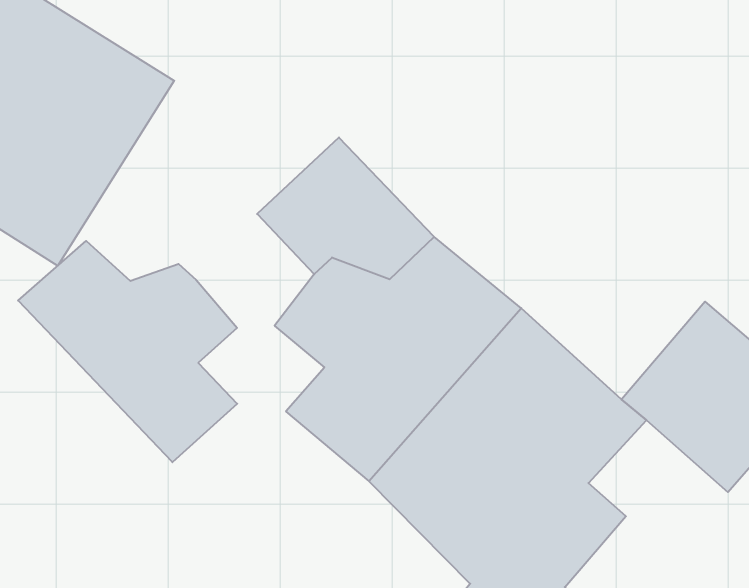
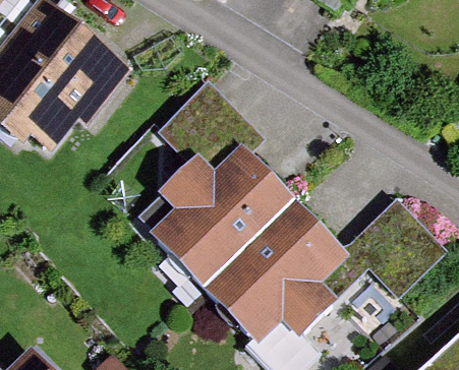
building: [18,241,237,462] -> none

